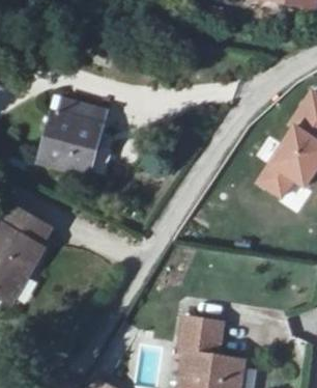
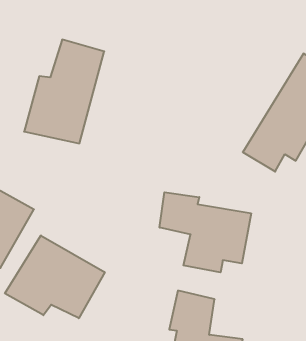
building: none -> [160,192,251,272]
building: none -> [5,235,105,318]

